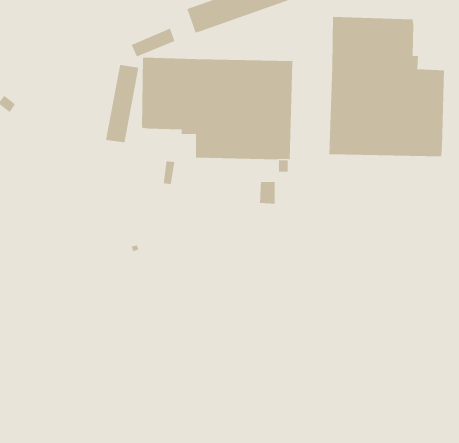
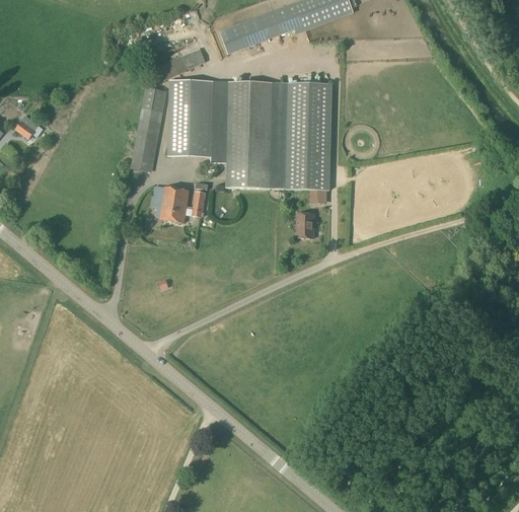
building: [329,16,444,157] -> none
building: none -> [155,186,191,222]

